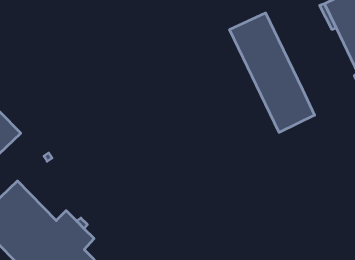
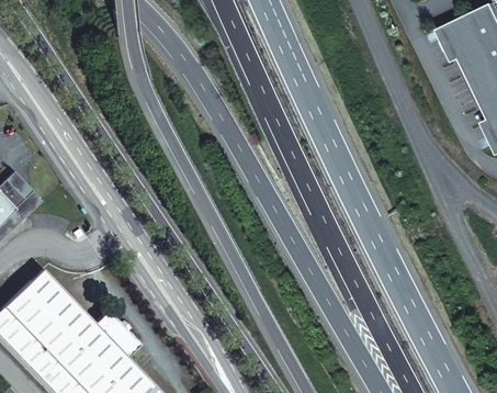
building: [230,13,315,132] -> none

